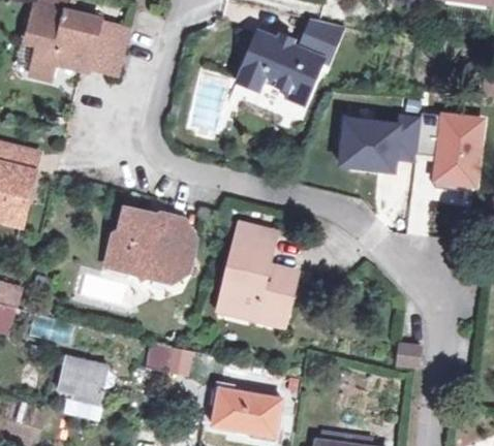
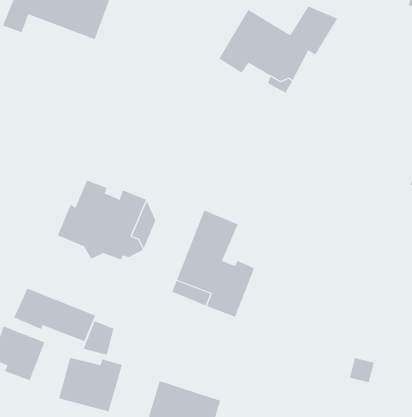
building: [336,114,414,165] -> none
building: none -> [13,288,96,342]
building: none -> [59,357,123,412]

